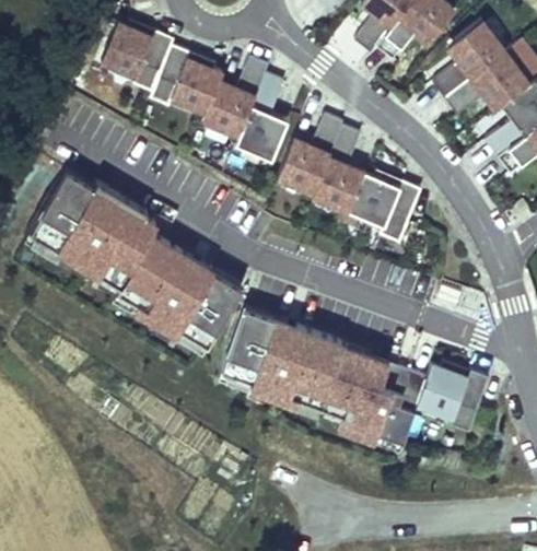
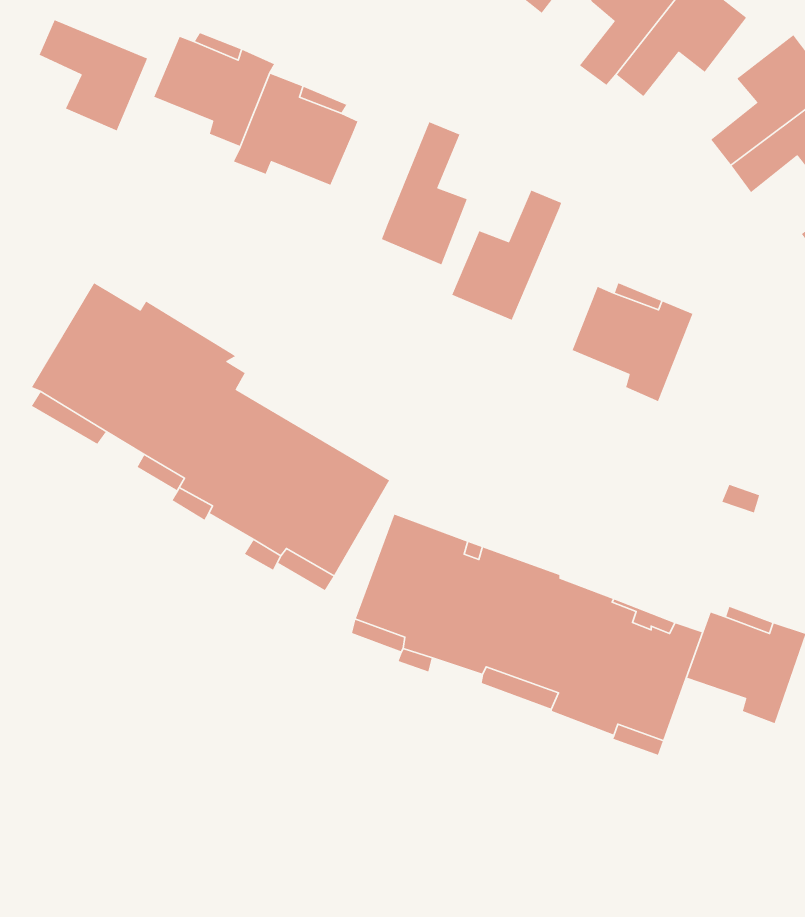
building: none -> [38,19,148,132]
building: [203,59,268,137] -> none
building: [313,127,364,211] -> none

